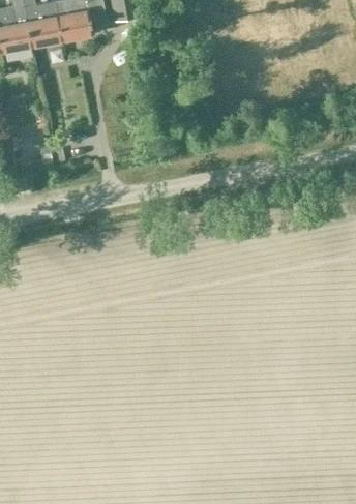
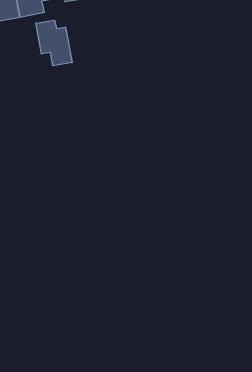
building: none -> [36,20,72,66]

